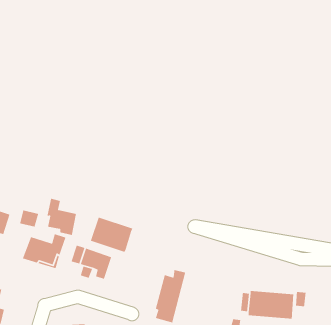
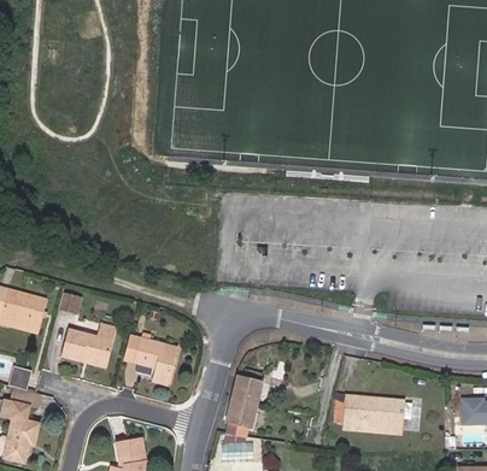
building: [47,198,77,236] -> none
building: [90,216,133,253] -> none

